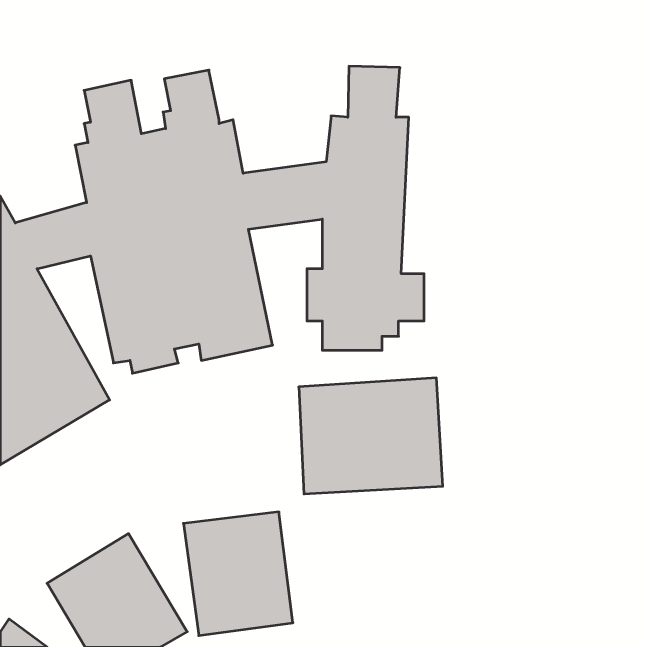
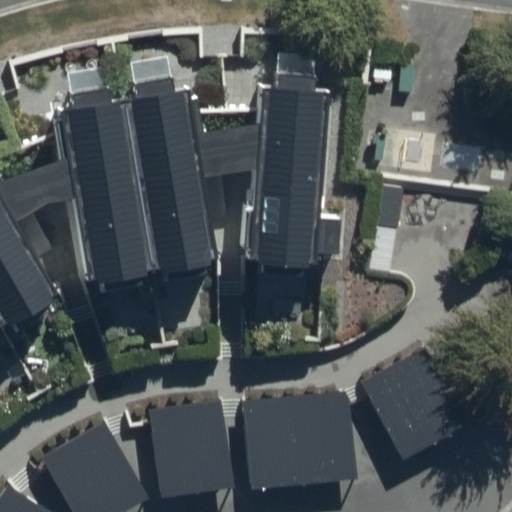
building: [299,378,443,494] -> [242,395,355,486]
building: none -> [360,348,466,462]

